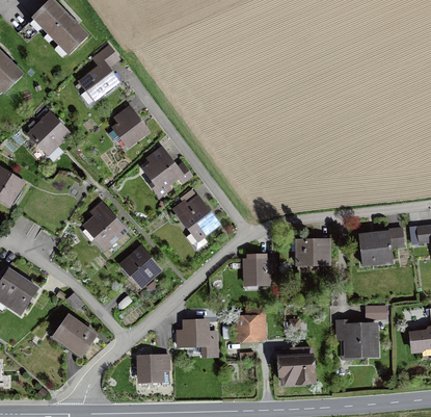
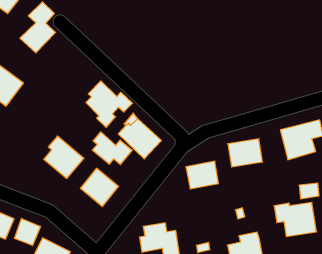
building: [111,104,151,150] -> none
building: none -> [92,132,132,165]
building: none -> [14,218,40,246]
building: [233,307,266,342] -> none

